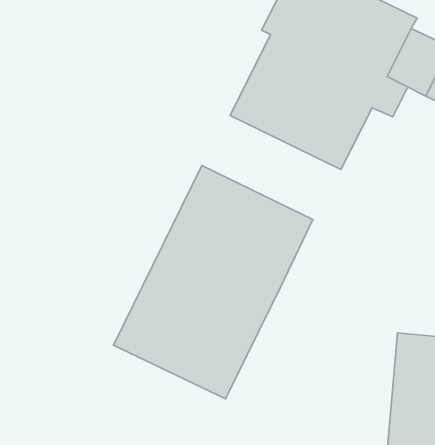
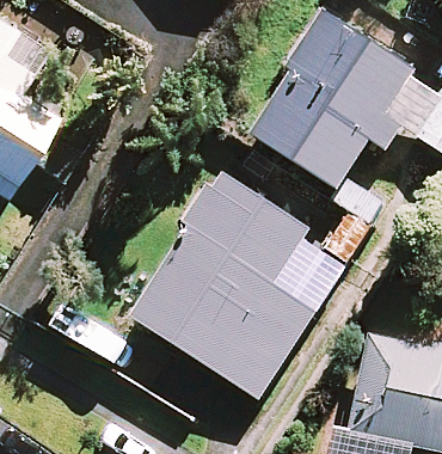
building: none -> [221,283,319,399]

